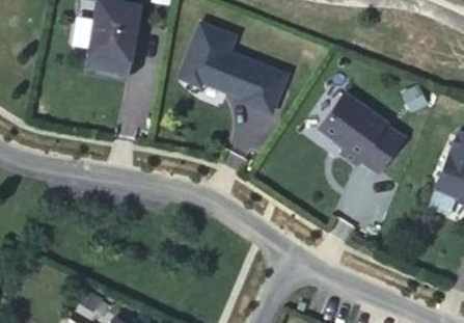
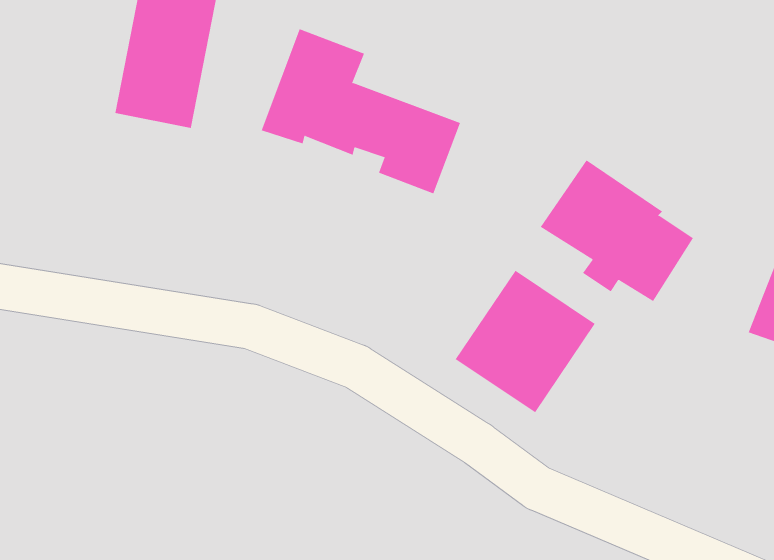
building: none -> [455,270,596,413]

